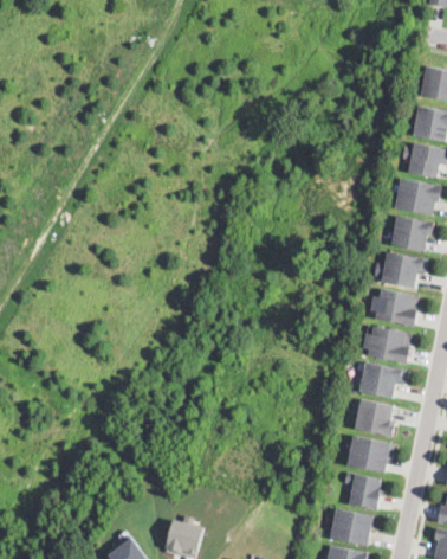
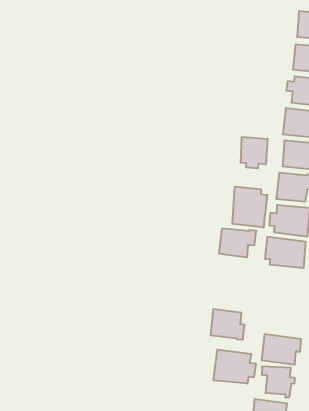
building: none -> [241,137,268,168]
building: none -> [232,187,267,228]
building: [359,364,404,399] -> [219,229,256,257]
building: [355,398,395,436] -> [210,309,245,340]
building: none -> [214,349,256,384]

